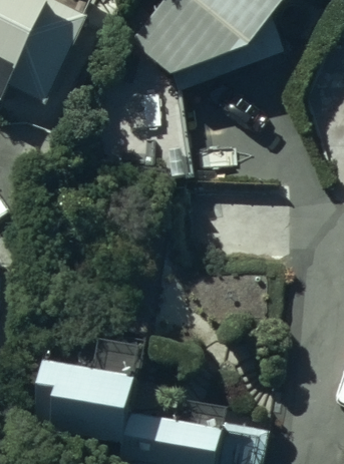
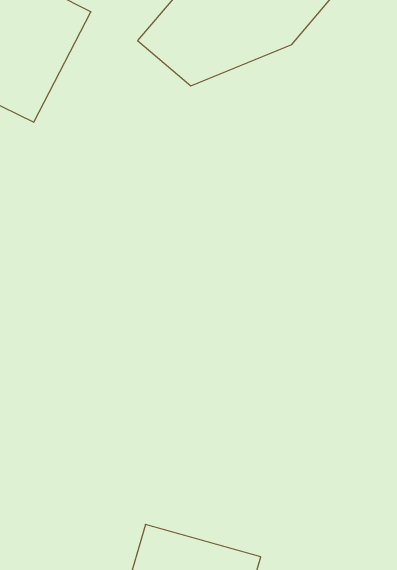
building: [30,359,133,435] -> none

